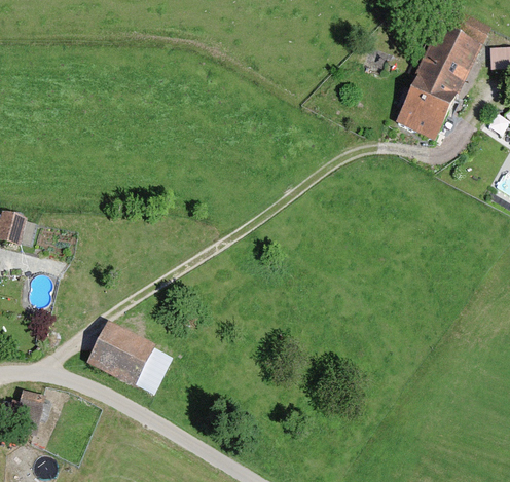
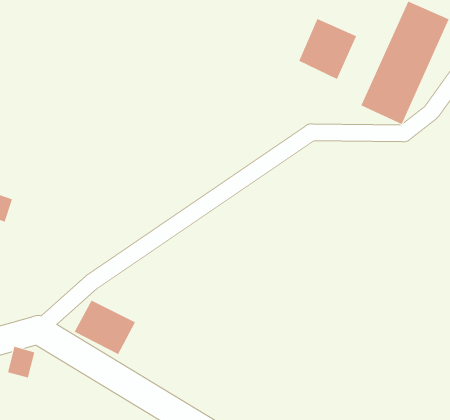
building: none -> [298,18,357,80]

